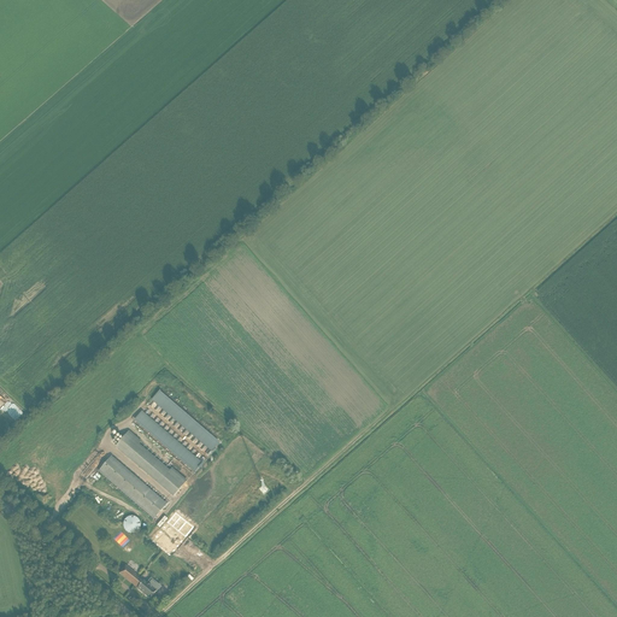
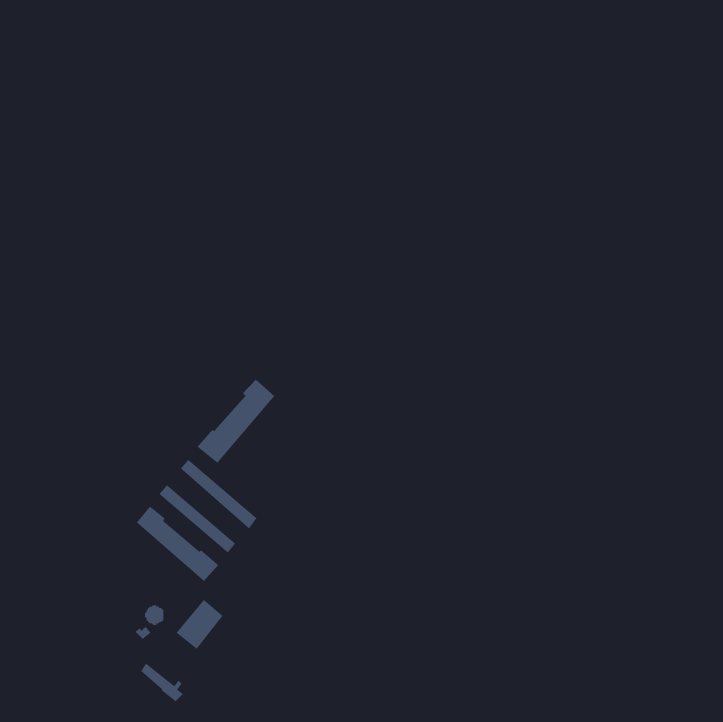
building: none -> [197,379,275,464]
building: [99,457,166,517] -> none

